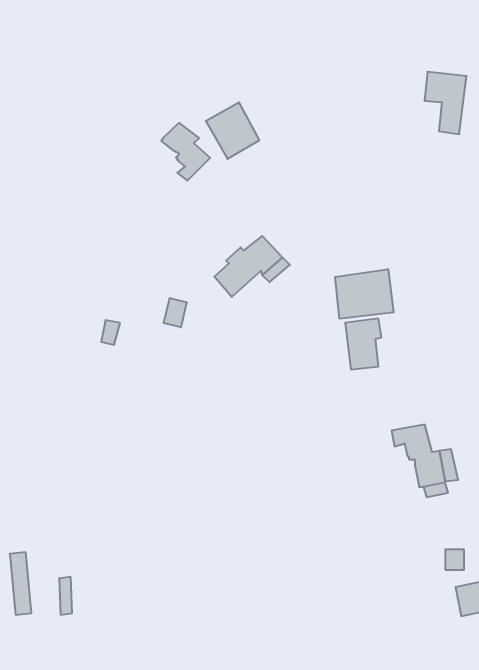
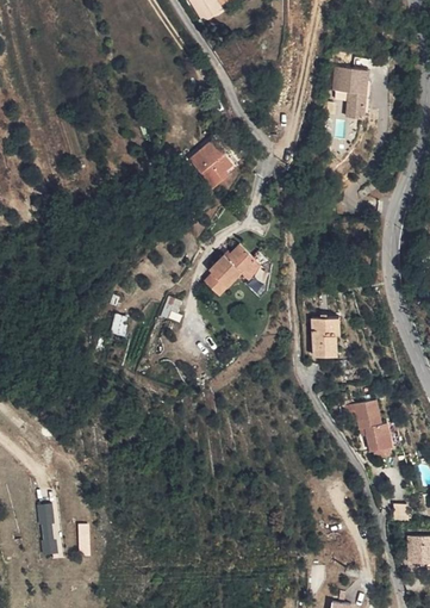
building: [424,72,467,134] -> [337,76,372,128]
building: [161,123,210,181] -> none
building: [335,269,394,319] -> none

